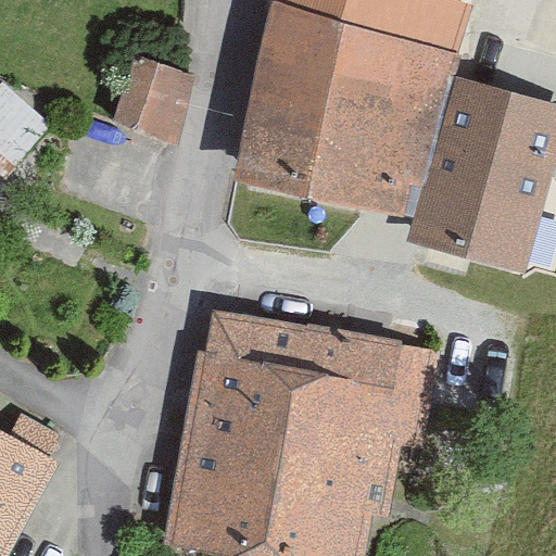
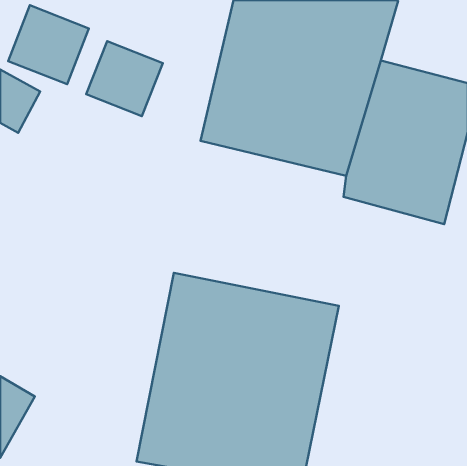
building: none -> [8,5,89,84]

